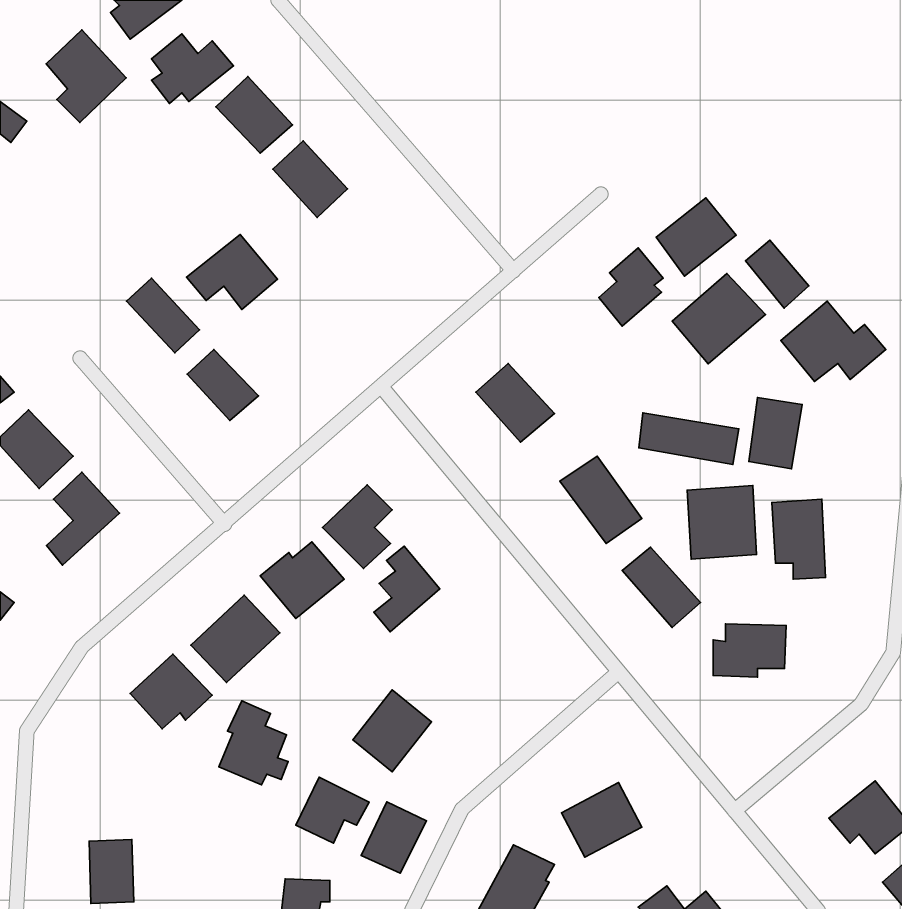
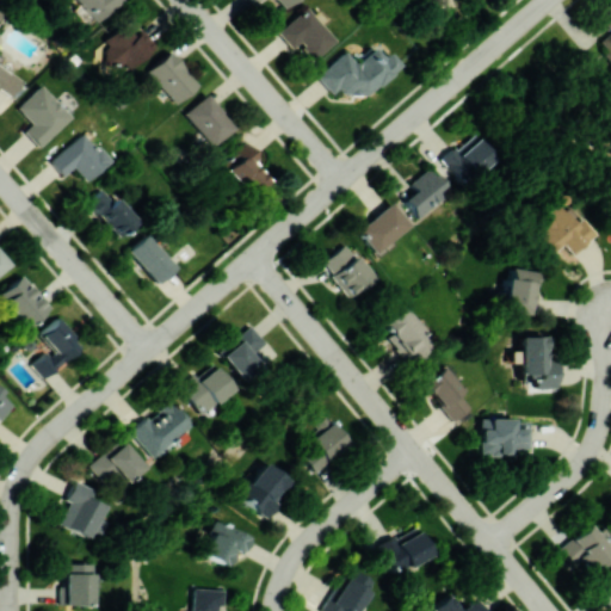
building: none -> [280,7,339,61]
building: [46,30,126,123] -> [20,85,74,147]
building: none -> [320,48,405,105]
building: none -> [227,143,274,196]
building: [187,235,277,309] -> [53,132,113,183]
building: [746,240,809,308] -> none
building: [672,273,765,364] -> none
building: none -> [360,203,413,254]
building: [639,413,739,465] -> none
building: [687,486,757,559] -> none
building: [374,546,440,632] -> [307,415,351,473]
building: [219,701,288,785] -> [62,481,109,537]
building: [361,802,427,873] -> none

